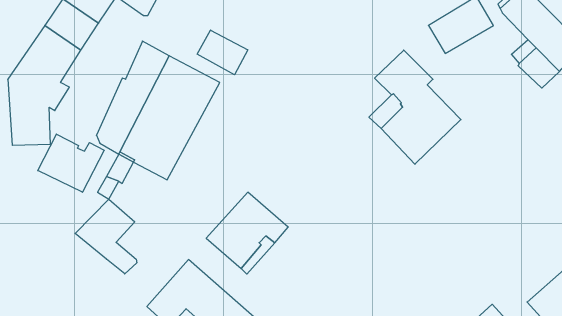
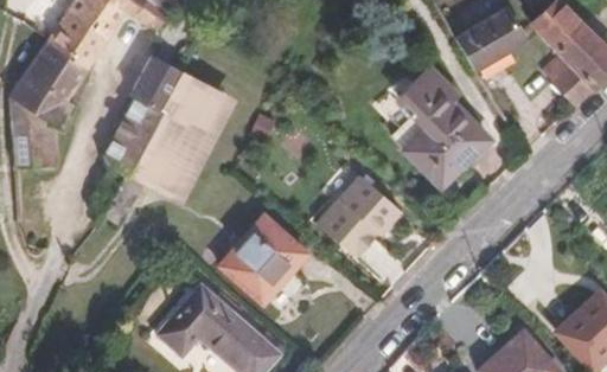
building: [197,30,248,75] -> none
building: [38,134,104,192] -> none
building: none -> [330,190,400,256]
building: [75,199,137,274] -> none

